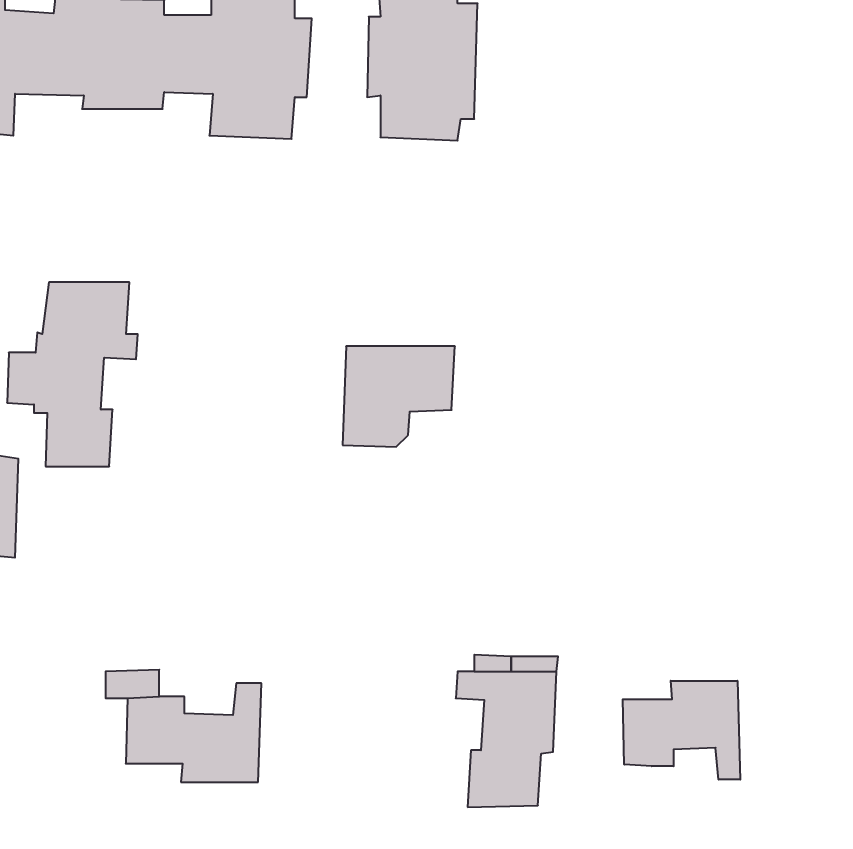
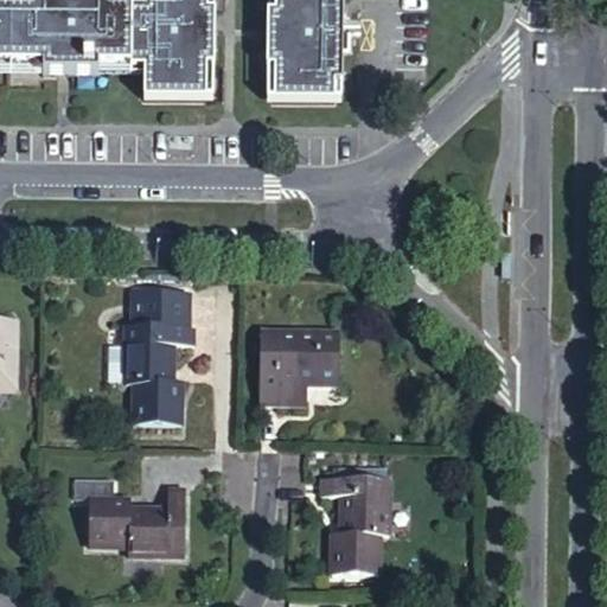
building: [7,282,138,466] -> [102,288,194,418]
building: [343,346,455,447] -> [260,333,339,404]
building: [623,681,740,780] -> none

